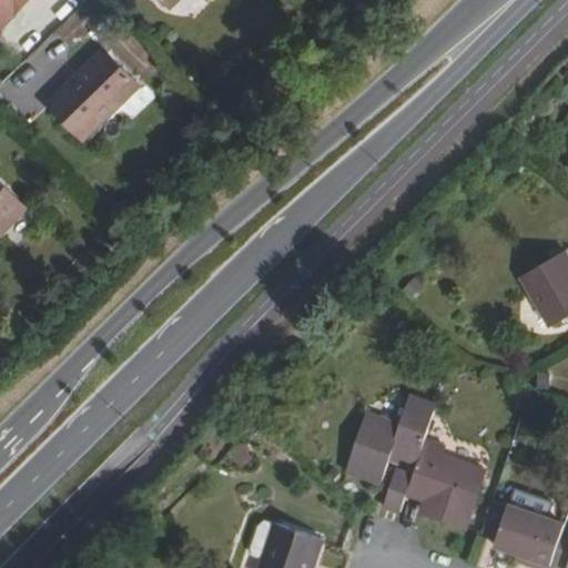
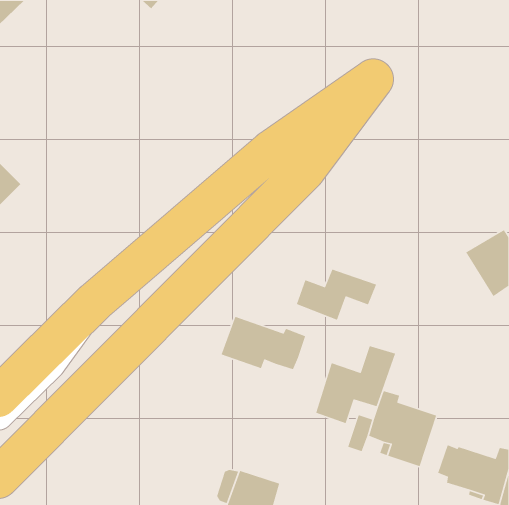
building: [49,51,141,143] -> none
building: none -> [296,268,377,321]
building: none -> [221,316,306,370]

